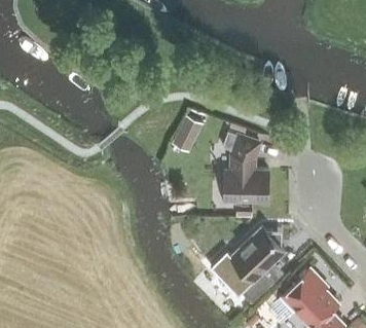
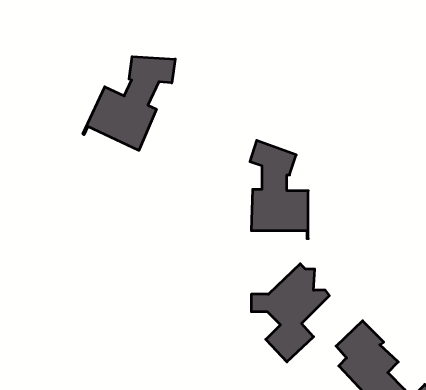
building: none -> [83,57,175,150]
building: [172,115,204,152] -> none

